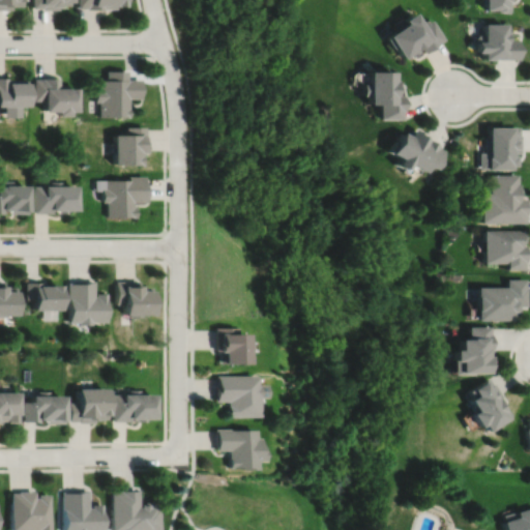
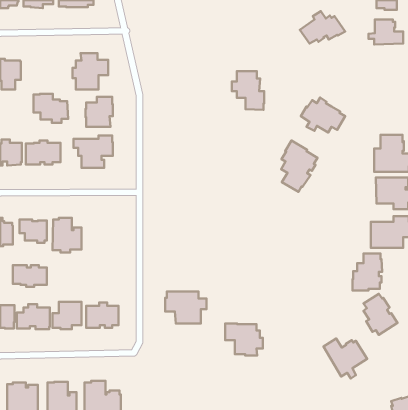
building: [365,70,407,120] -> [232,71,264,110]
building: [38,79,83,116] -> [33,94,68,123]
building: [482,127,525,170] -> none
building: none -> [281,140,317,192]
building: [118,283,154,319] -> none
building: [217,329,254,365] -> none
building: none -> [13,265,47,287]
building: [218,431,267,472] -> [225,323,263,356]
building: none -> [324,339,367,378]

